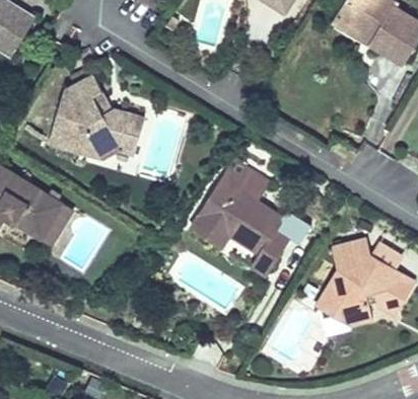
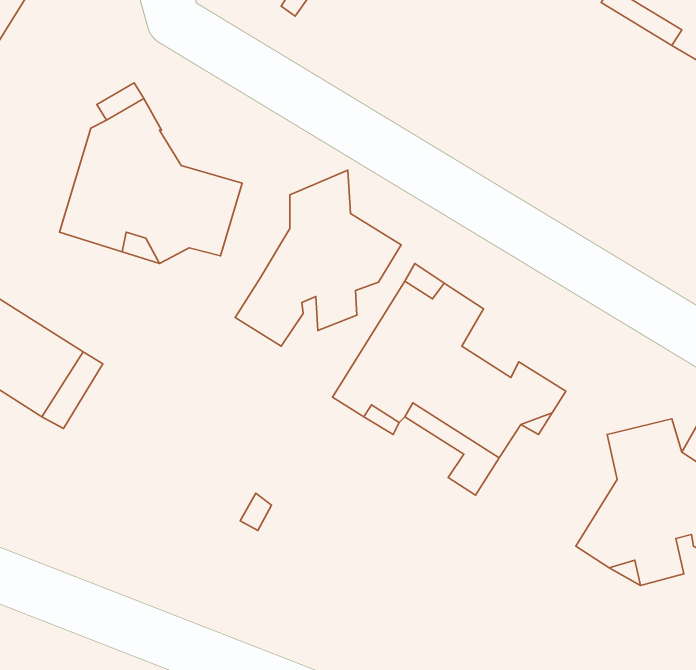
building: none -> [235,170,401,346]

